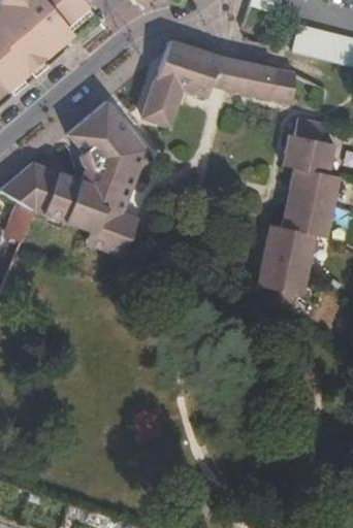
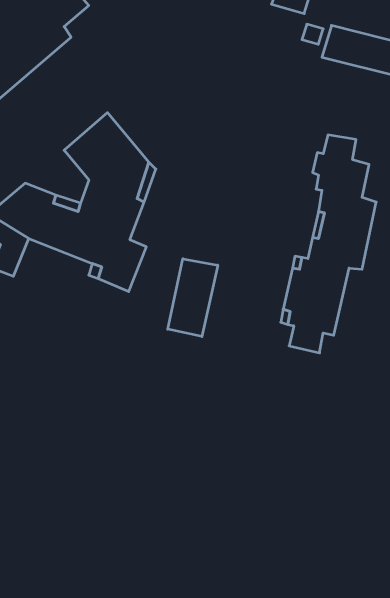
building: [140,41,296,126] -> none
building: none -> [168,259,218,337]

